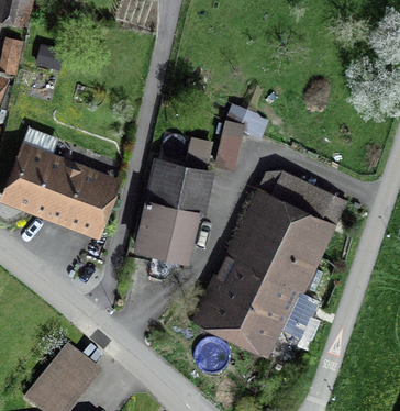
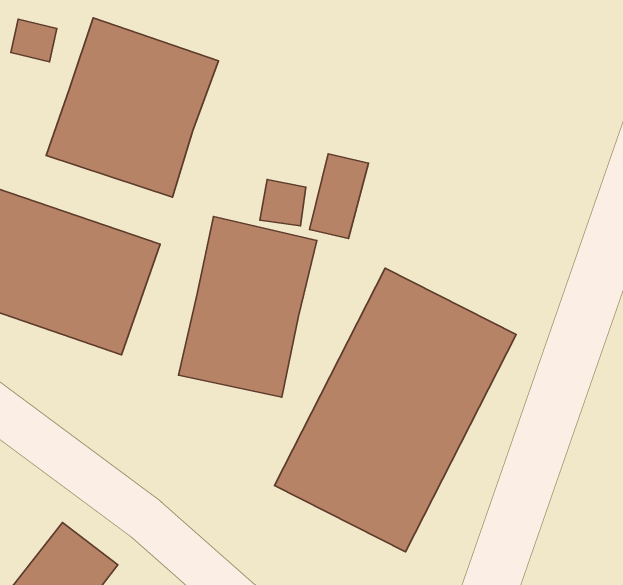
building: none -> [46,18,218,197]
building: [257,164,347,230] -> none

